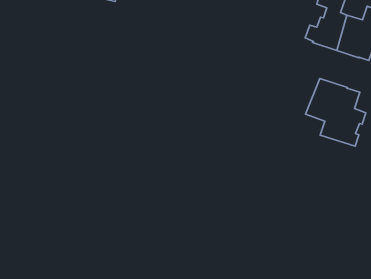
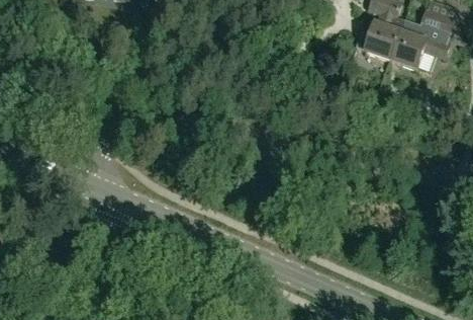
building: [306,78,366,146] -> none

